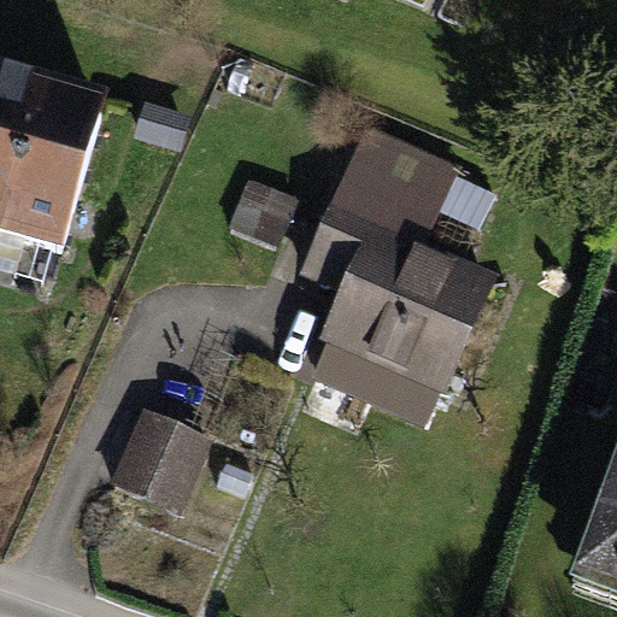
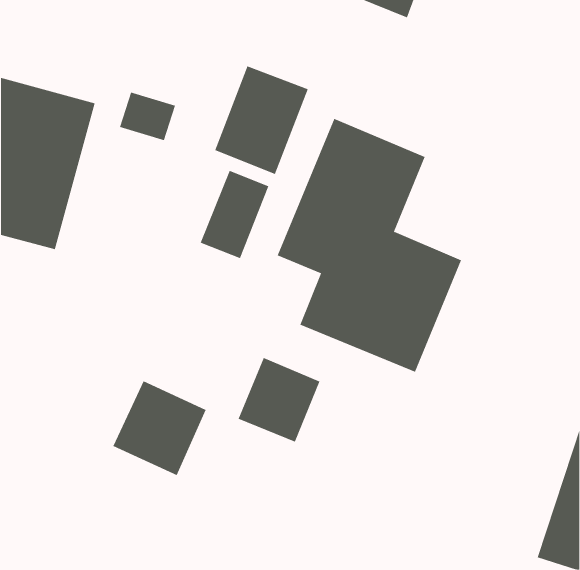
building: none -> [214,66,309,175]
building: none -> [238,357,320,442]

